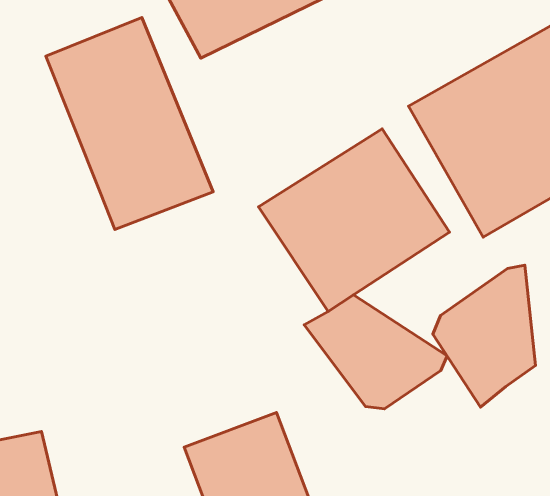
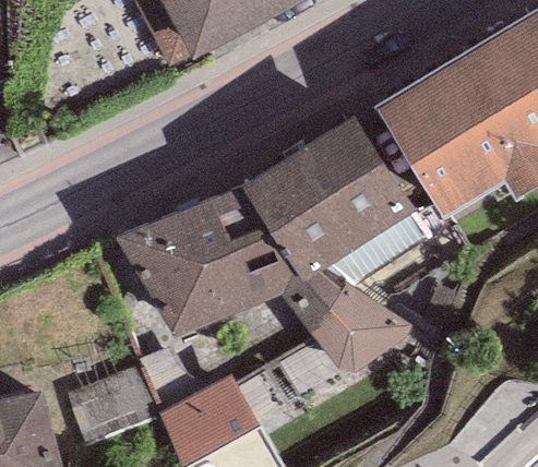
building: [46,17,213,230] -> none
building: none -> [113,190,302,339]
building: [433,265,536,407] -> none

